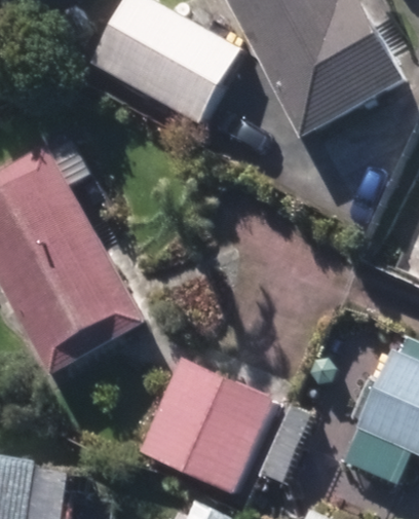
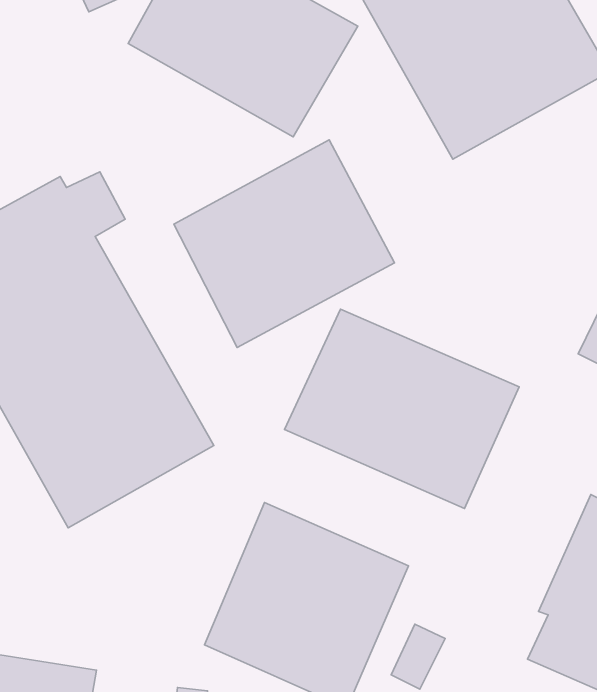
building: none -> [174,140,394,347]
building: none -> [284,309,519,509]

